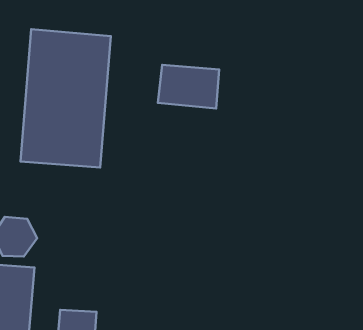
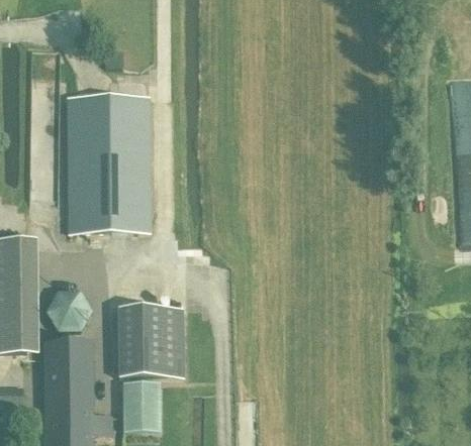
building: [158,65,219,108] -> none
building: none -> [117,306,185,376]

